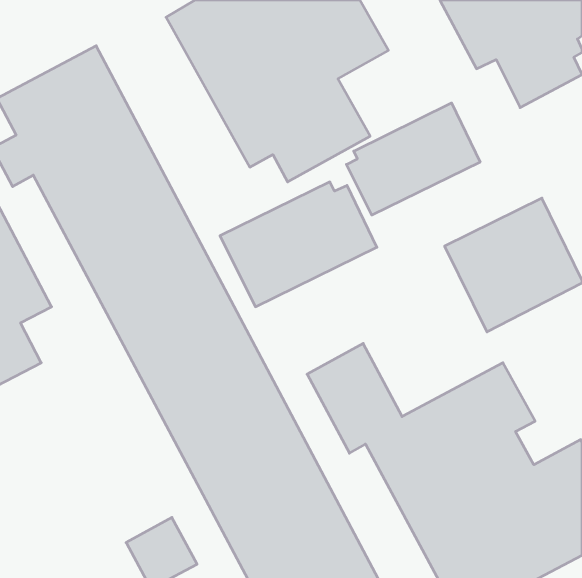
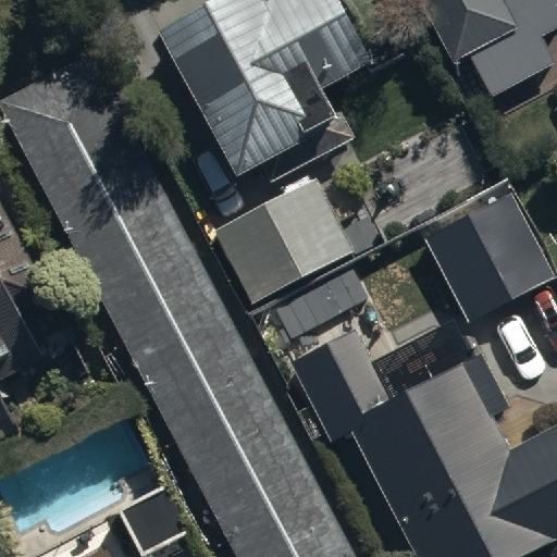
building: [346,103,480,215] -> none

